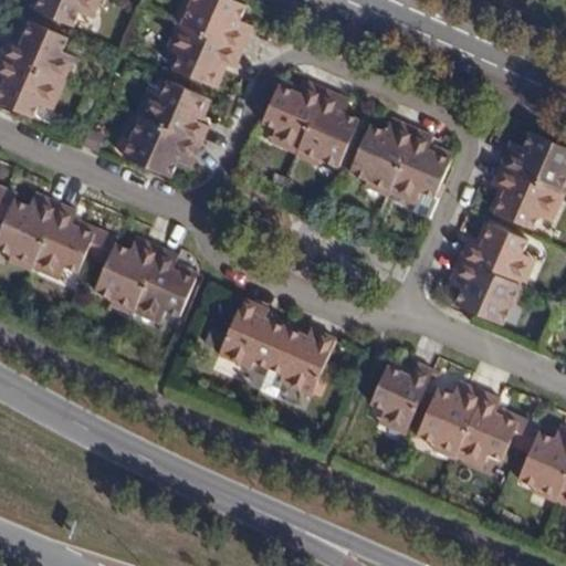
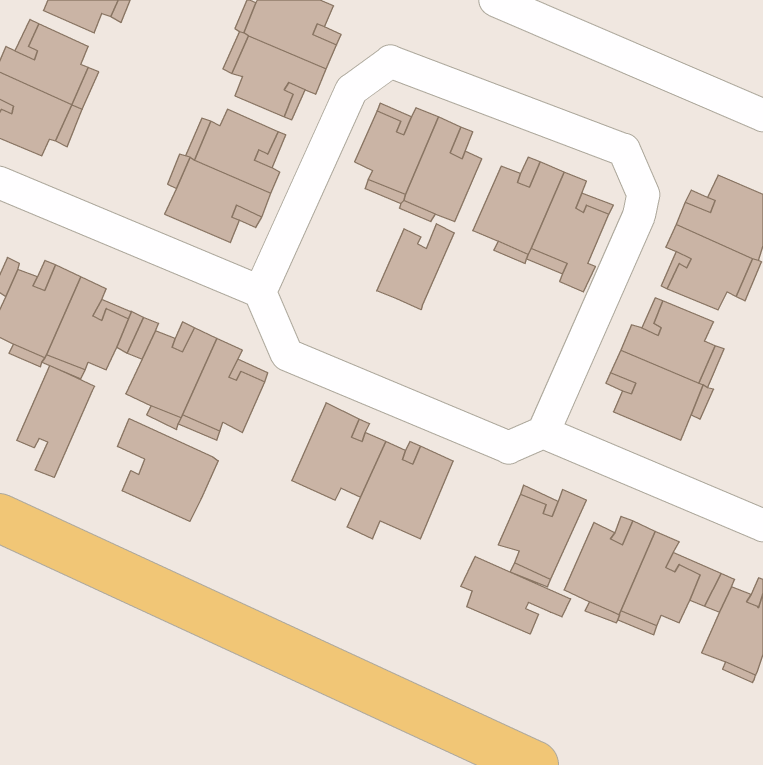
building: none -> [377,224,454,310]
building: none -> [17,366,95,477]
building: none -> [118,419,218,521]
building: none -> [461,556,571,634]

